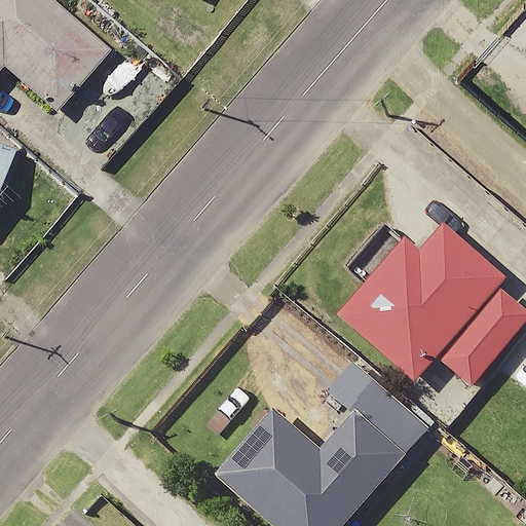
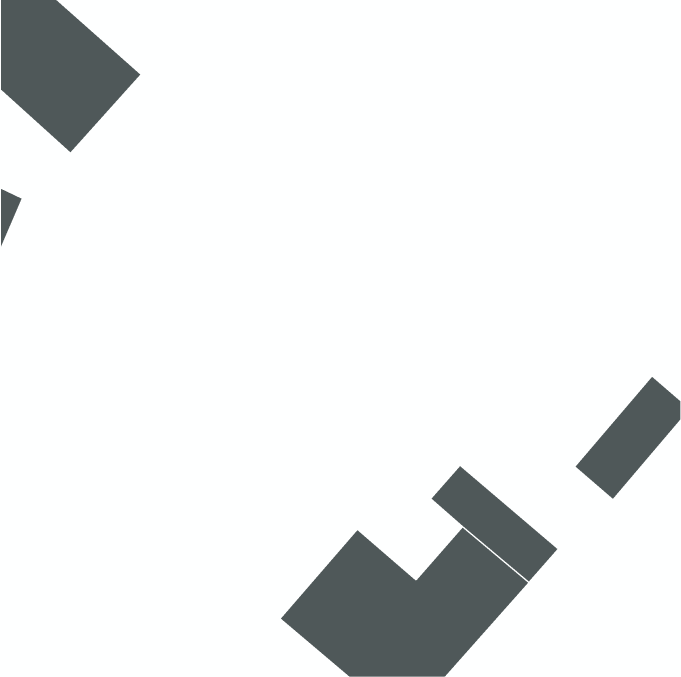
building: [336,223,505,381] -> none

